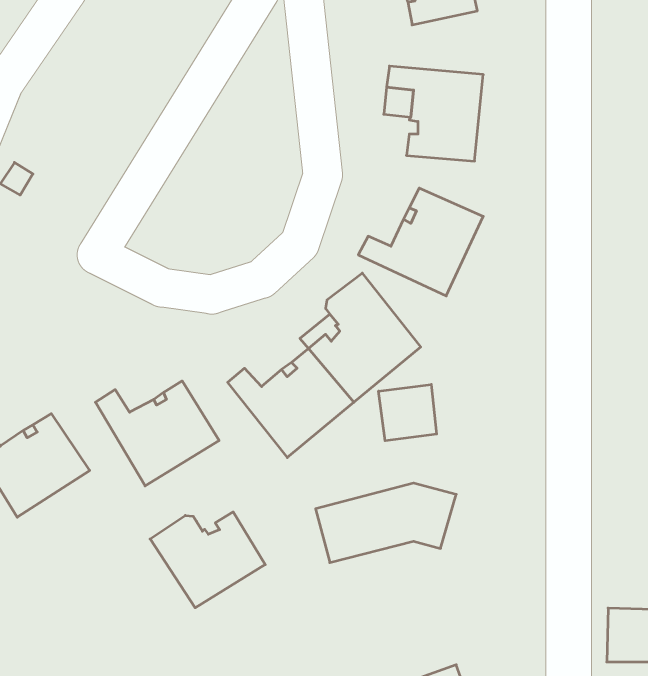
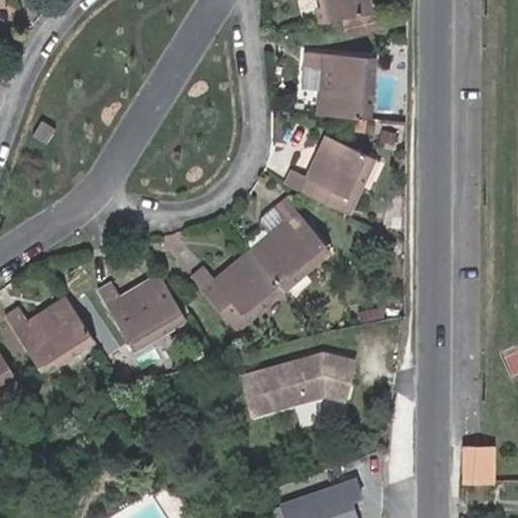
building: [379,384,437,441] -> none
building: [150,512,265,608] -> none

